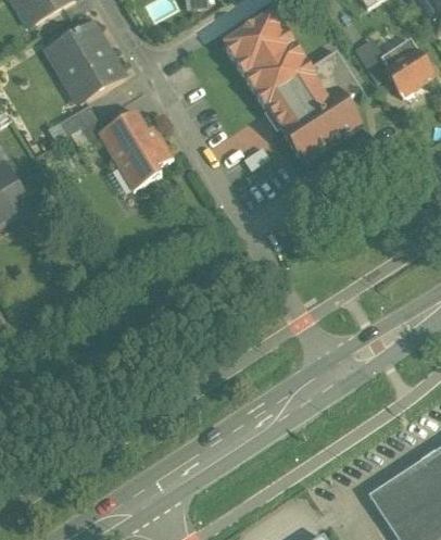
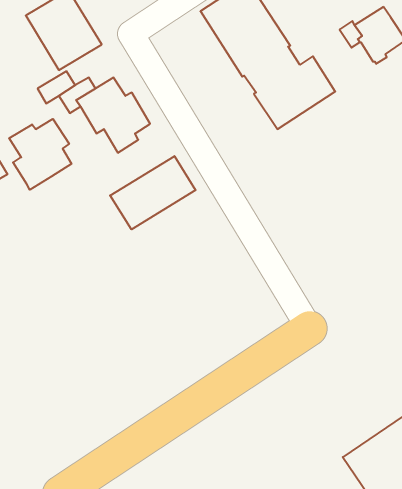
building: none -> [9,119,71,190]
building: none -> [110,156,196,229]

